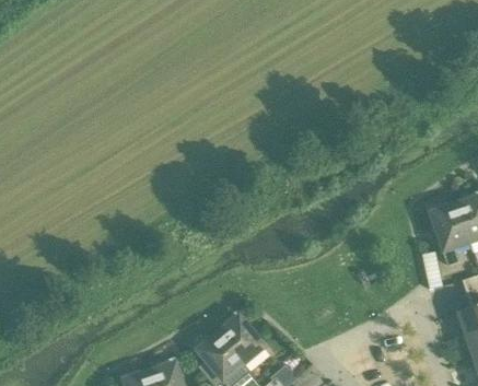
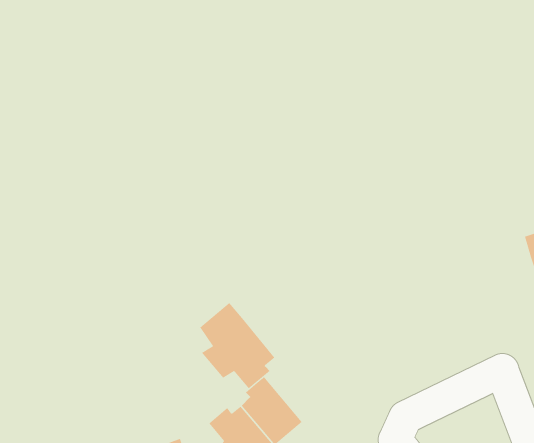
building: none -> [200,302,275,389]

